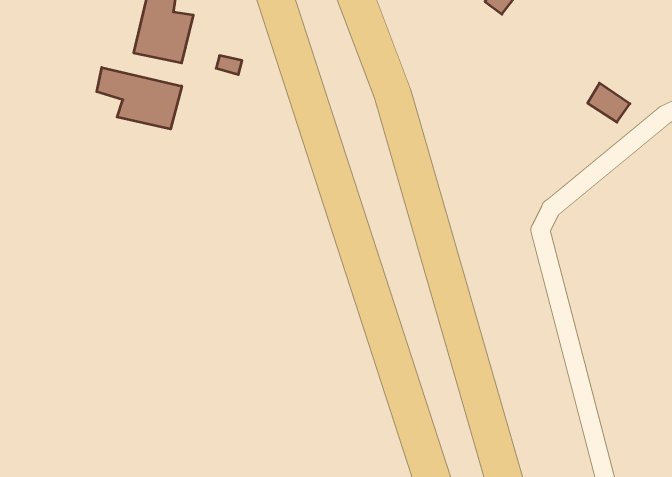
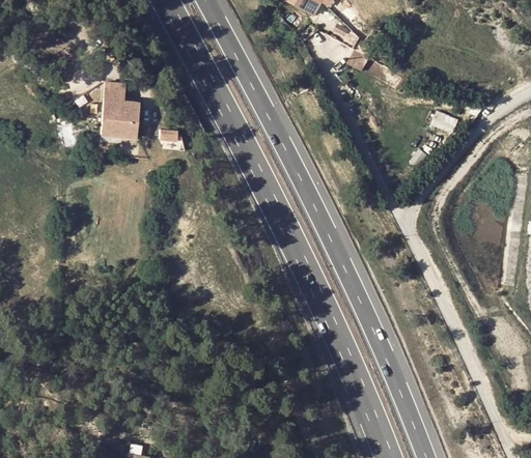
building: [97,67,182,129] -> none

